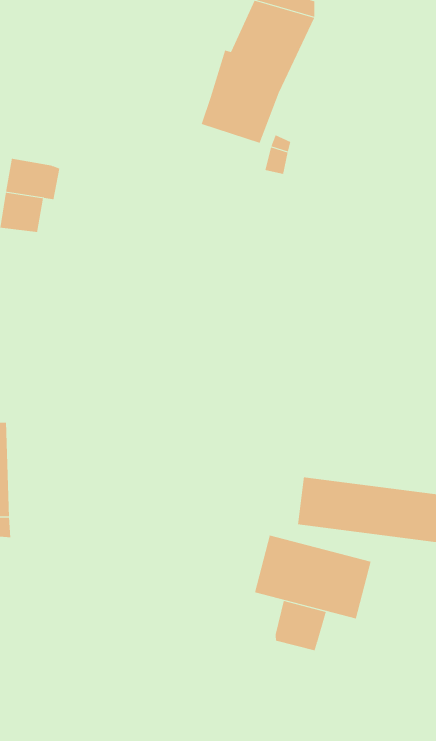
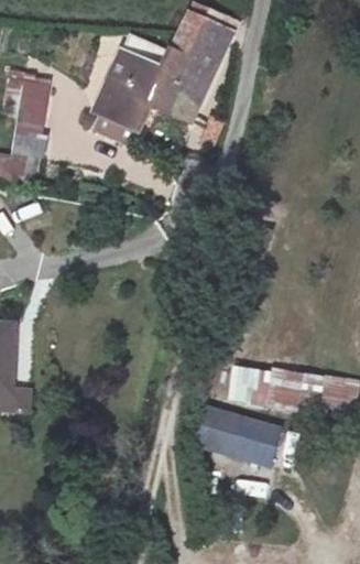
building: none -> [102,35,171,129]
building: none -> [12,77,50,132]
building: [275,600,326,651] -> none

